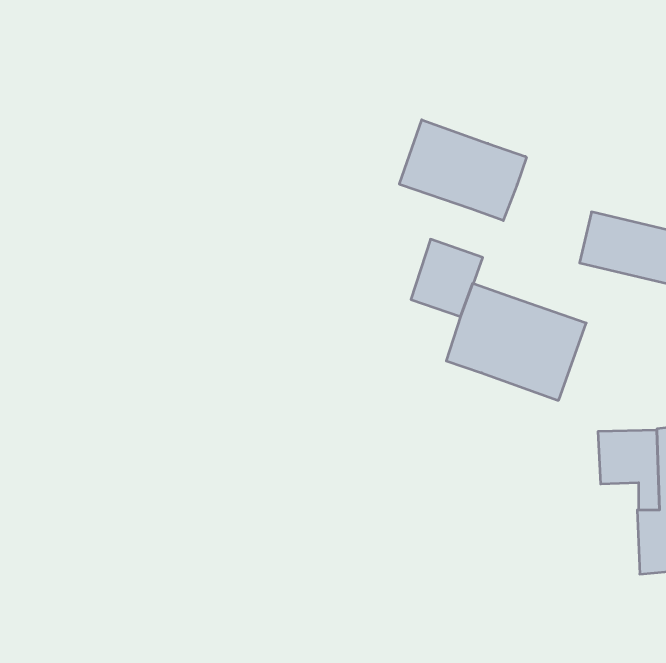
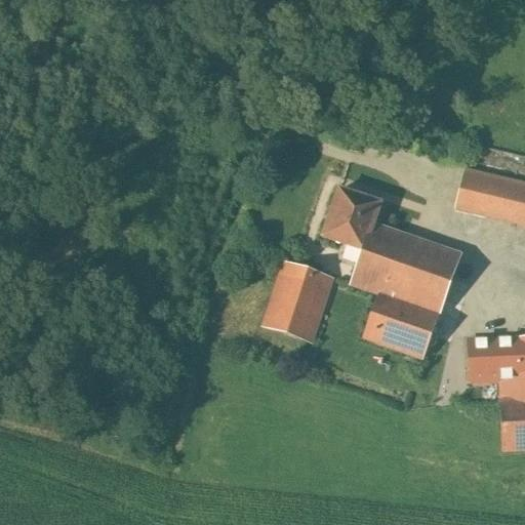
building: [399,120,526,221] -> none
building: none -> [264,259,333,340]
building: none -> [364,292,439,357]

